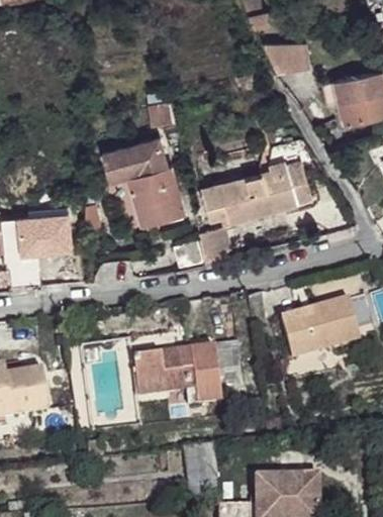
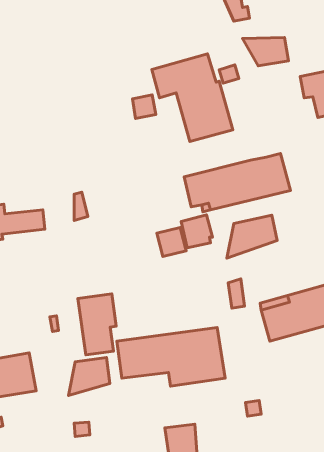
building: [102,135,186,226] -> [152,54,233,142]
building: none -> [227,215,277,258]
building: none -> [78,294,116,355]
building: none -> [68,357,110,395]

